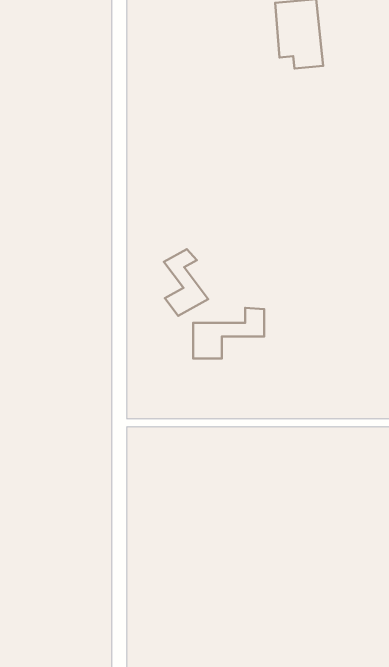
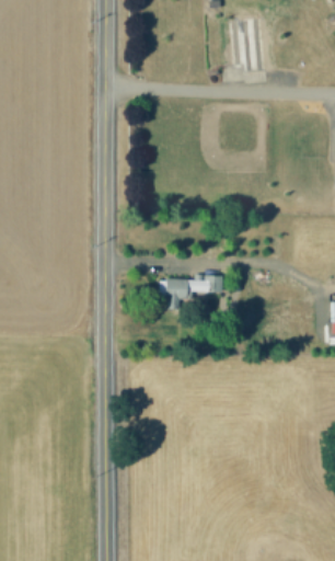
building: [164,249,208,316] -> none

